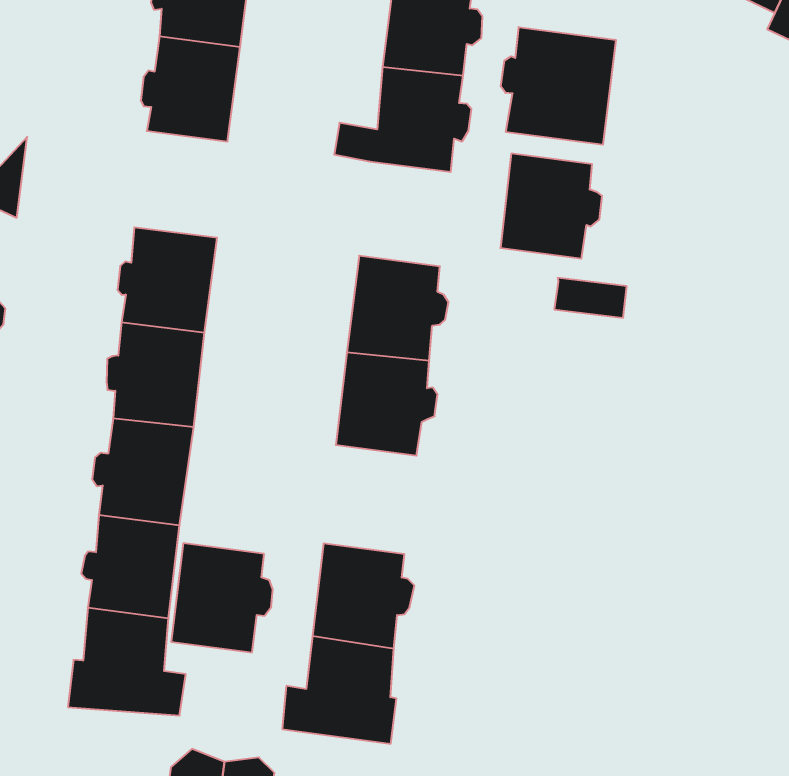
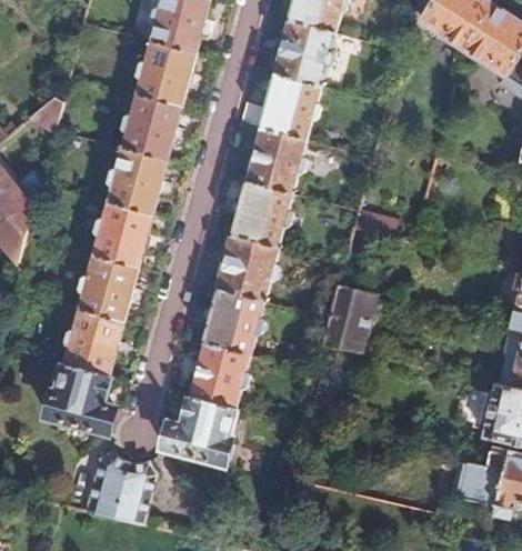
building: [501,27,616,145] -> none
building: none -> [118,96,179,162]
building: [500,154,602,259] -> [245,130,308,196]
building: none -> [322,288,377,355]
building: [171,543,273,652] -> [203,290,265,358]

